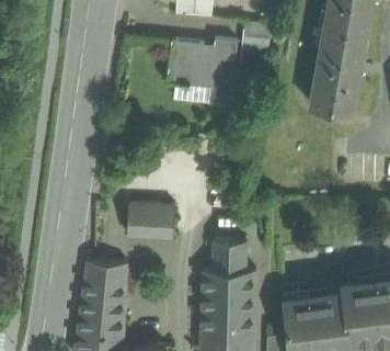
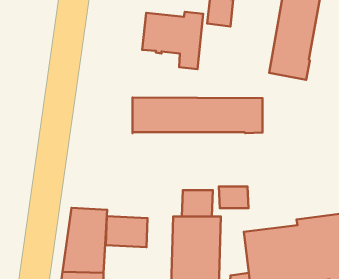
building: none -> [133,98,263,133]
building: [127,205,174,240] -> [106,216,148,247]
building: none -> [219,186,248,208]

